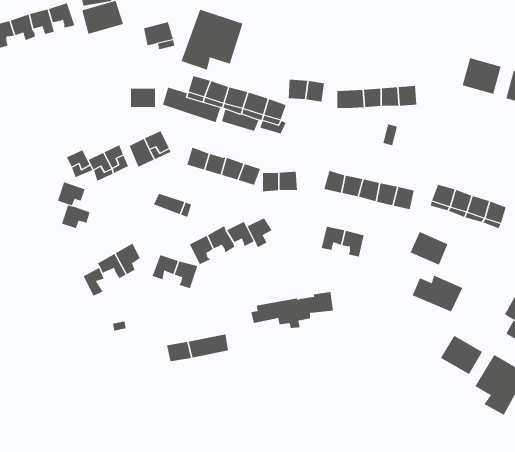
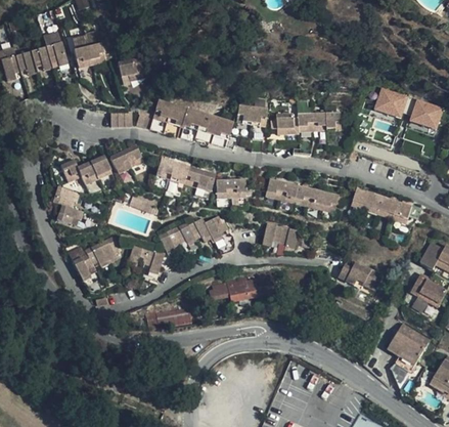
building: [181,9,243,71] -> none
building: [410,231,448,266] -> none
building: [440,335,483,375] -> none

